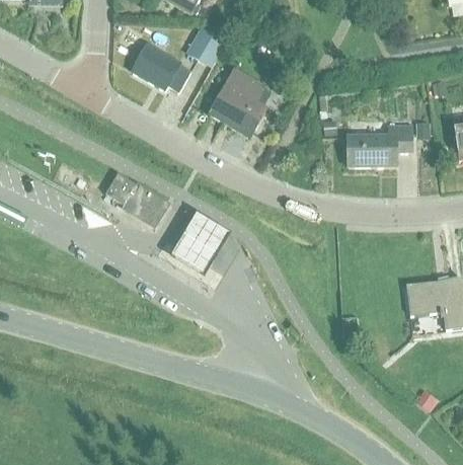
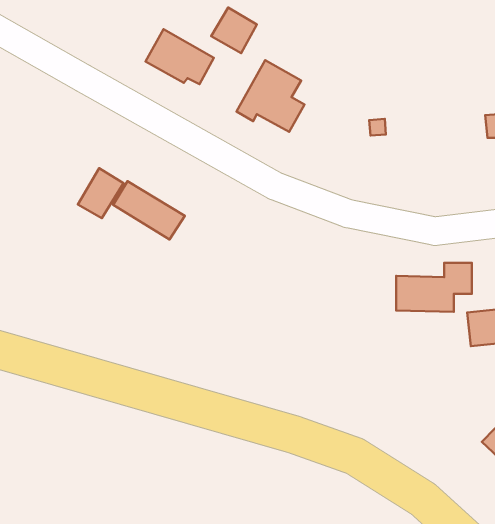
building: [348,124,411,165] -> [396,263,472,312]
building: none -> [78,168,124,218]
building: [170,215,228,276] -> none

